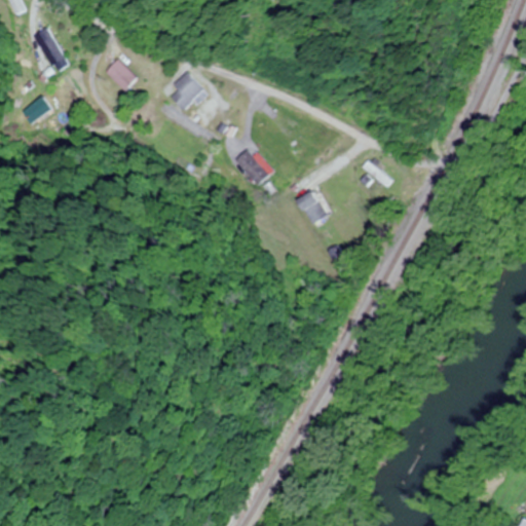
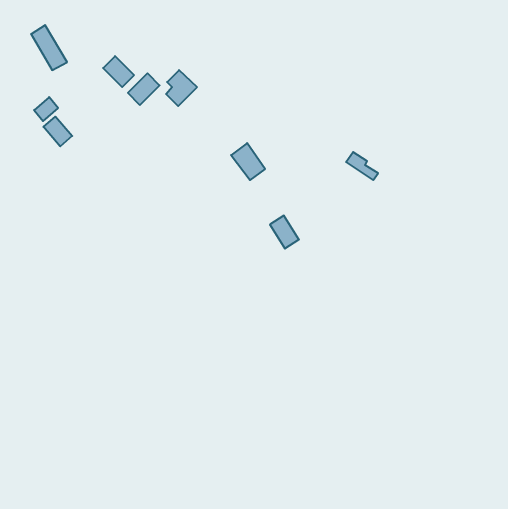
building: none -> [128,73,160,105]
building: none -> [43,117,72,146]
building: [296,190,326,224] -> [270,216,299,249]

